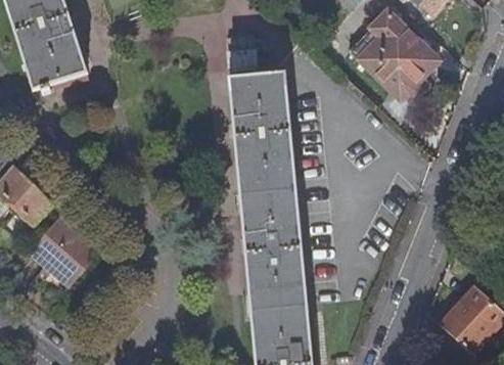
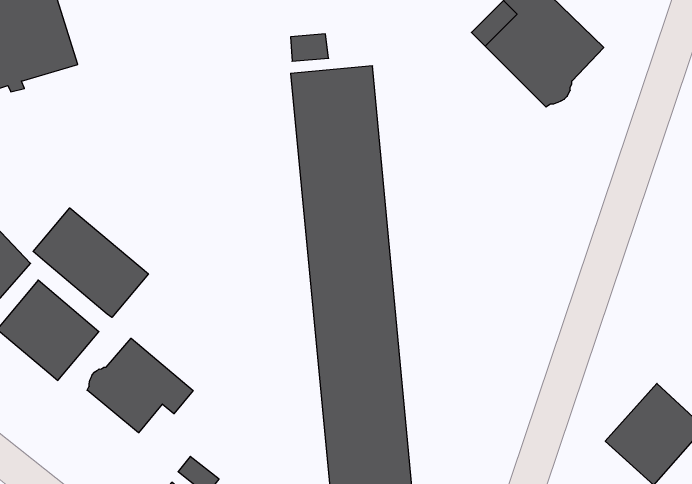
building: none -> [33,208,148,317]
building: none -> [87,338,193,433]

